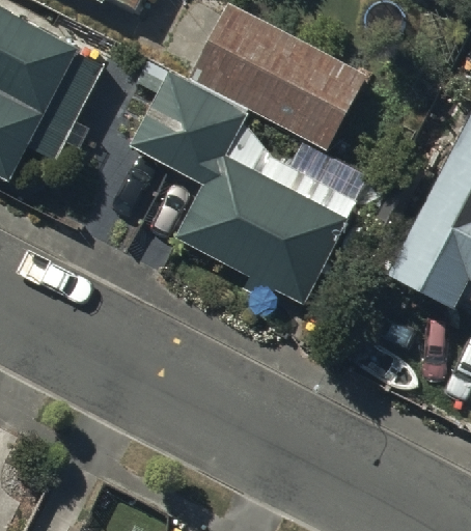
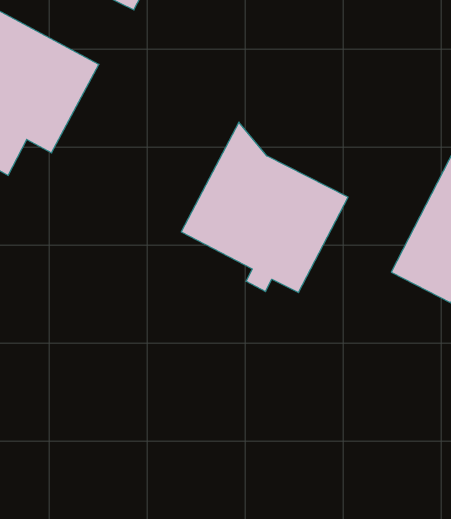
building: [194,9,361,145] -> none
building: [136,76,246,180] -> none

